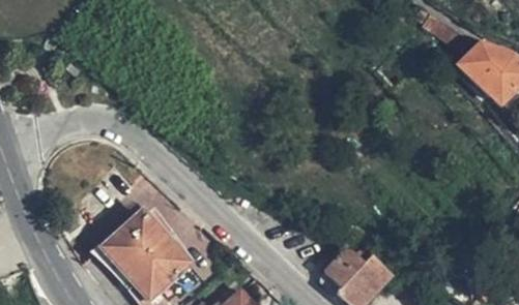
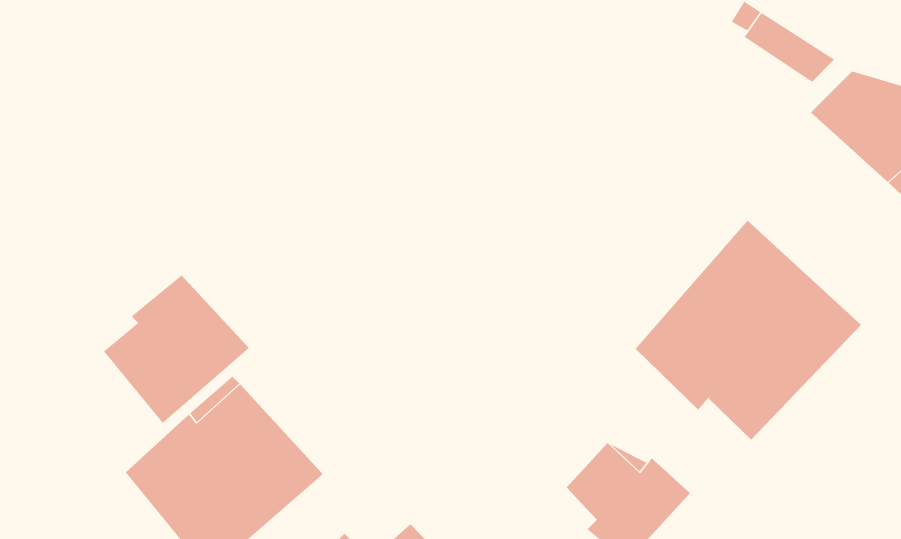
building: none -> [635,220,862,440]
building: none -> [103,274,250,424]

